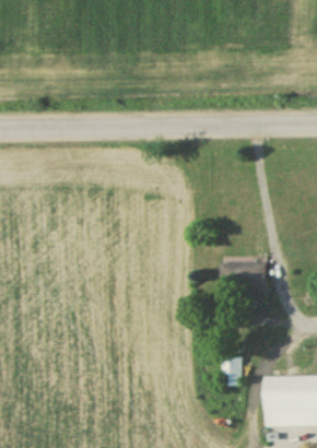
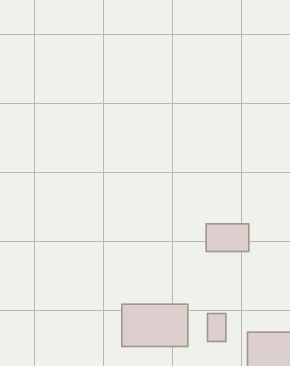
building: none -> [122,304,188,346]

